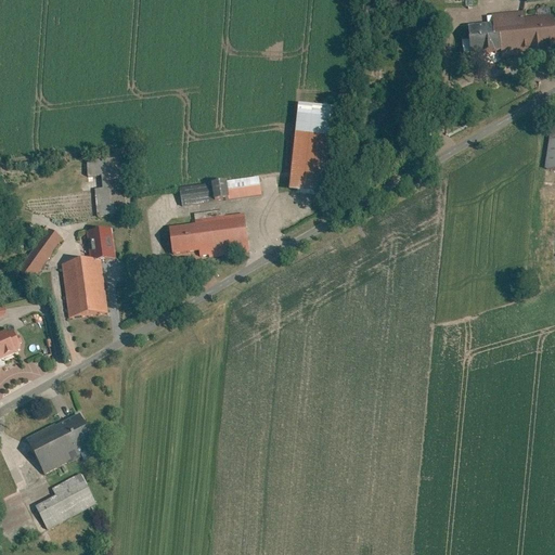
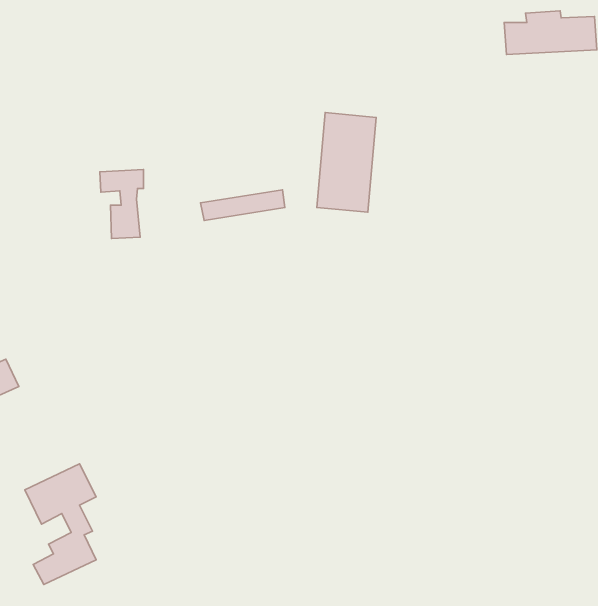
building: [168,205,248,250] -> none
building: [61,228,111,318] -> none
building: [22,230,63,278] -> none

